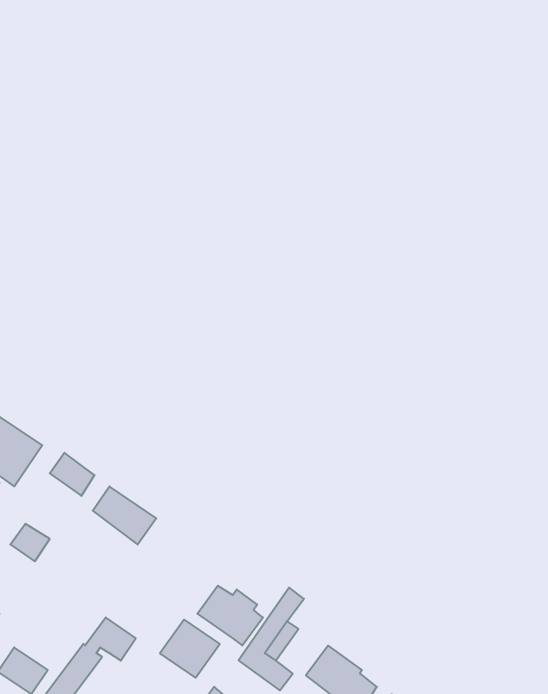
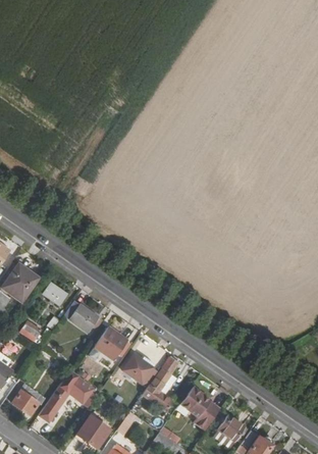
building: [160,620,220,678] -> [94,325,126,357]

